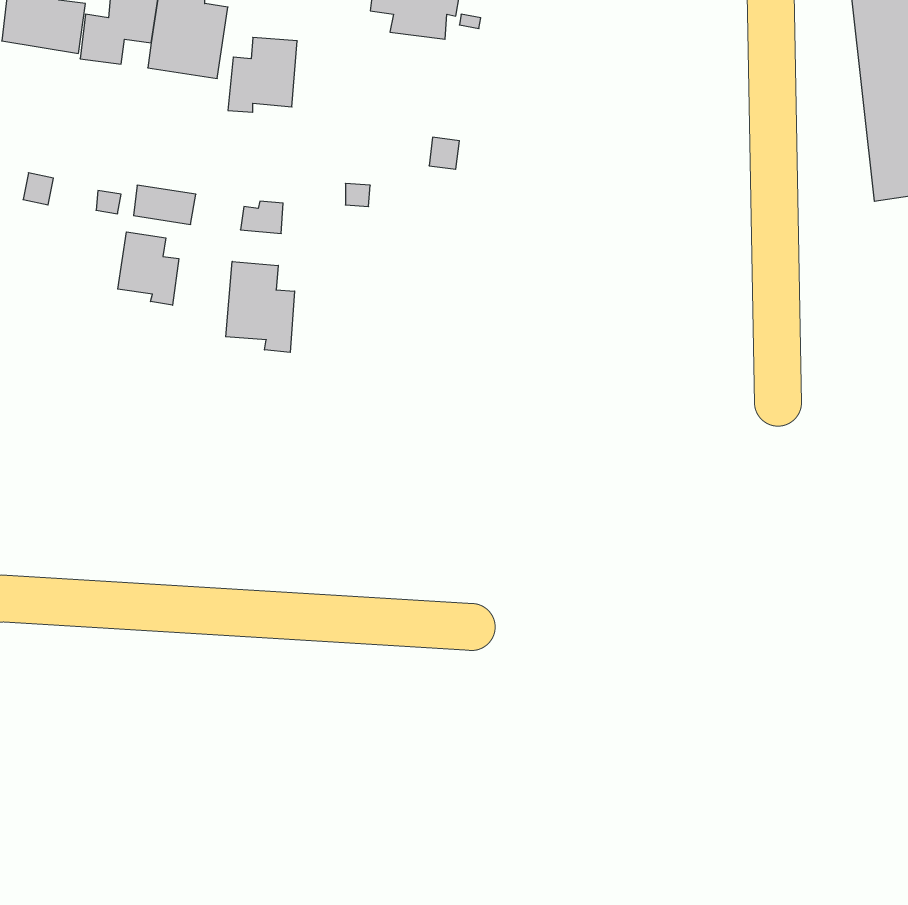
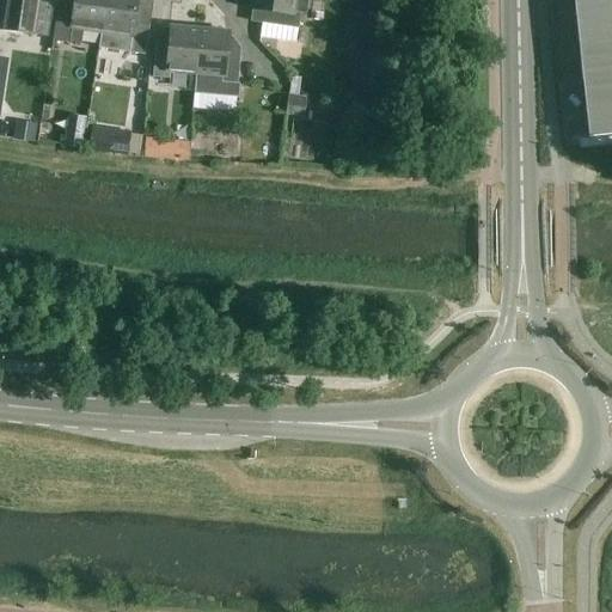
building: none -> [196,27,244,94]
building: [118,232,179,305] -> none
building: [226,261,295,352] -> none

